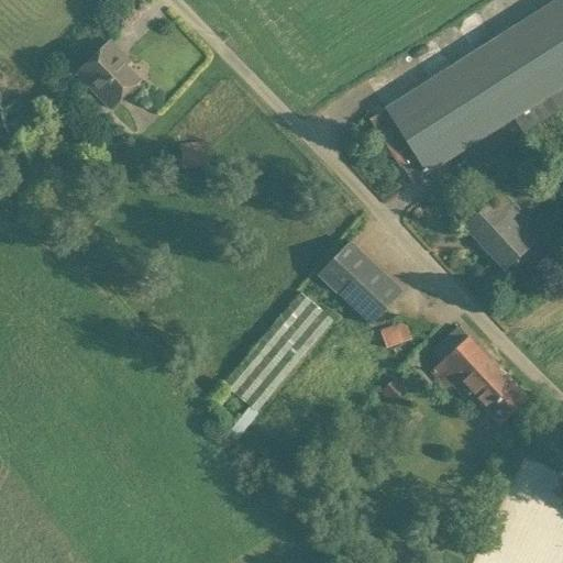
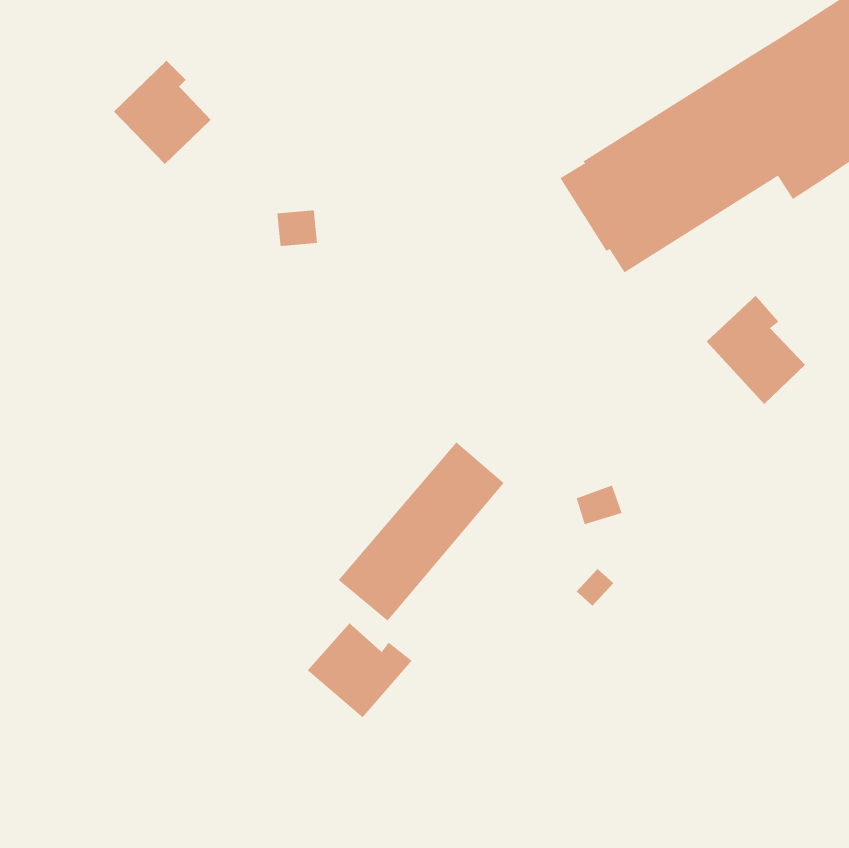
building: [319,240,405,323] -> none
building: [431,324,528,421] -> none
building: none -> [307,622,412,718]

